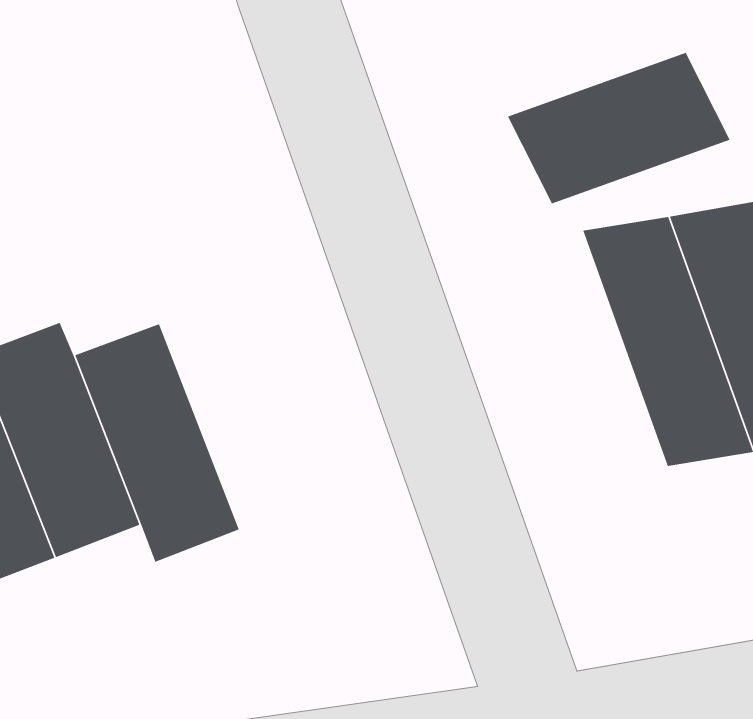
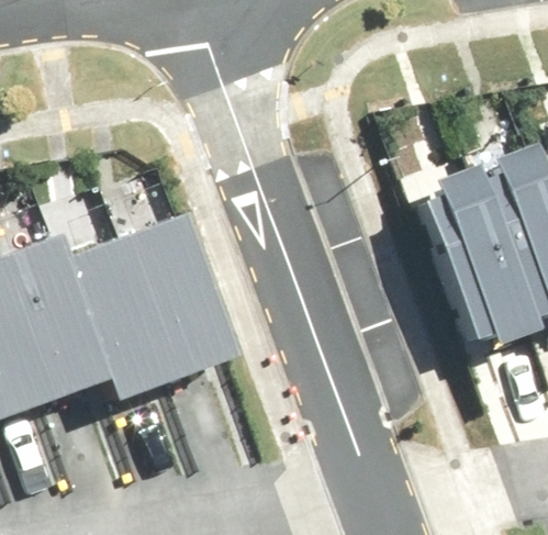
building: [507,52,731,205] -> none
building: none -> [119,215,232,381]

